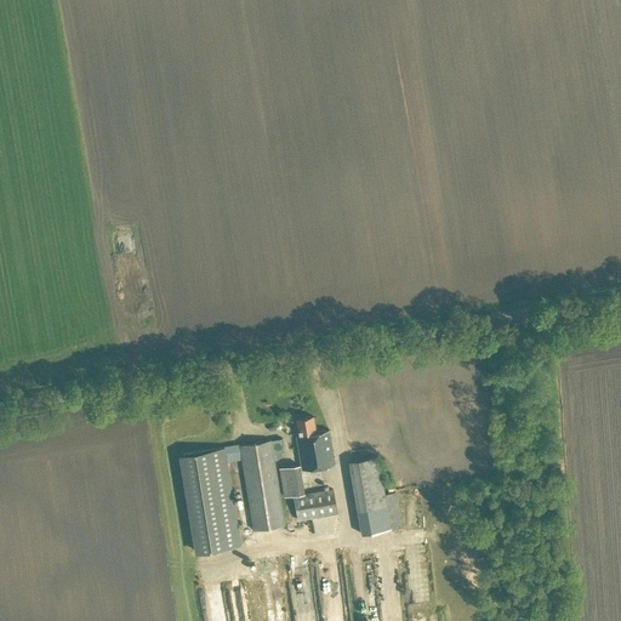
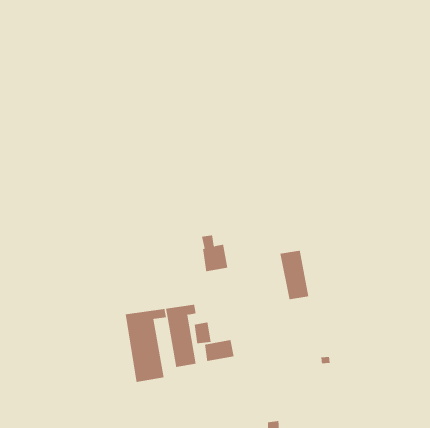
building: [295,418,334,472] -> [201,235,228,272]
building: [347,460,389,531] -> [279,250,309,300]

